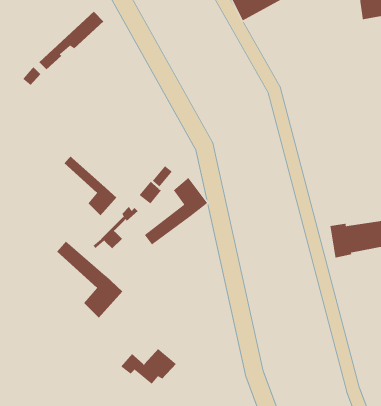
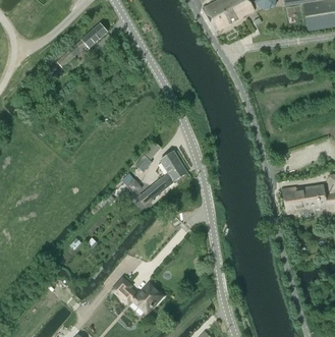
building: [64,156,117,216] -> none
building: [56,241,123,319] -> none

